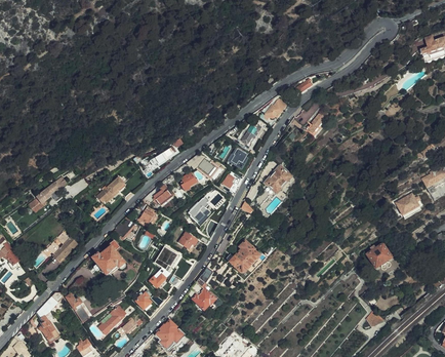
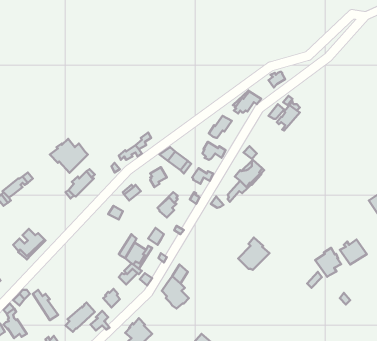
building: none -> [50,139,88,173]
building: [91,240,125,275] -> none
building: [229,241,259,273] -> [238,237,269,270]
building: none -> [315,248,341,277]

